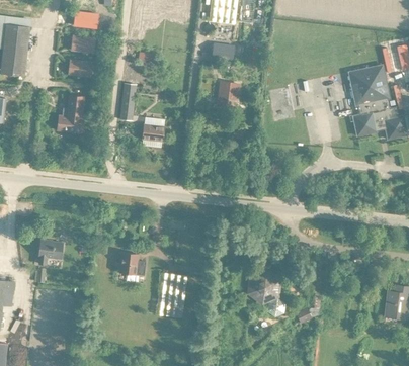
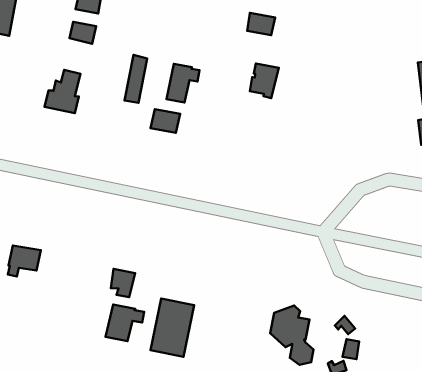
building: none -> [166,64,199,103]
building: none -> [106,304,144,341]

